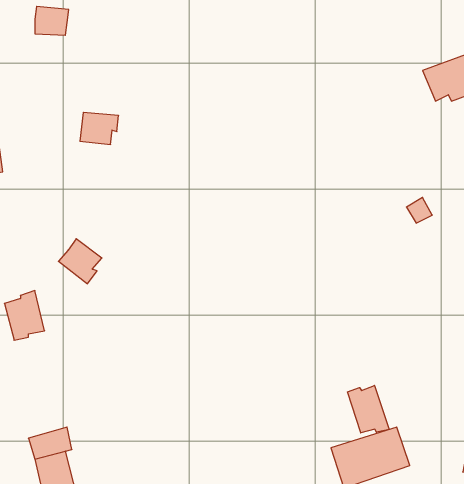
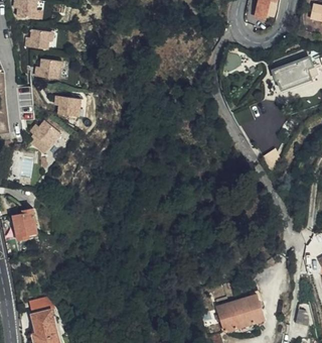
building: none -> [38,59,59,79]
building: [58,239,102,284] -> [32,120,59,148]
building: [348,385,389,433] -> none

